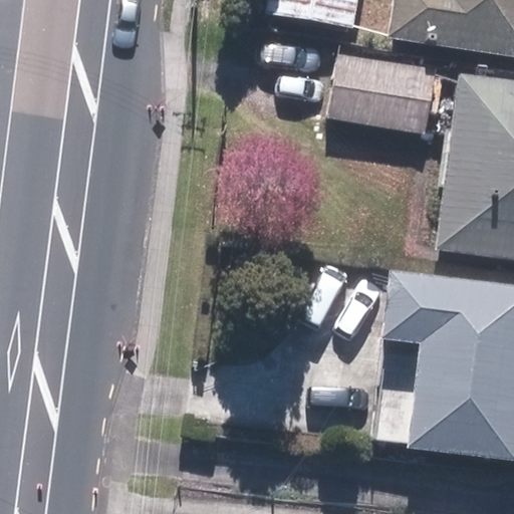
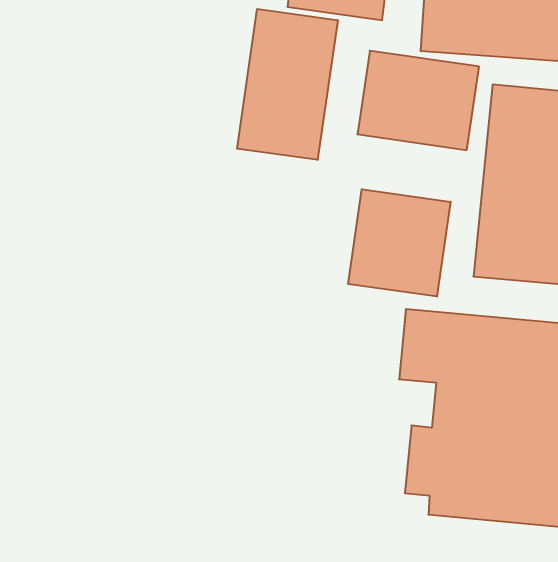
building: none -> [237,9,338,160]
building: none -> [348,189,451,297]

